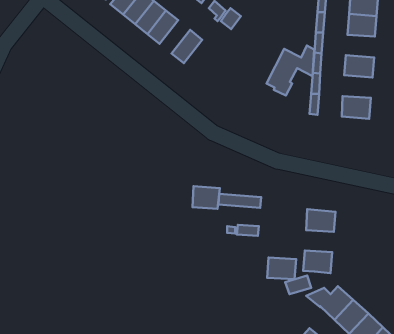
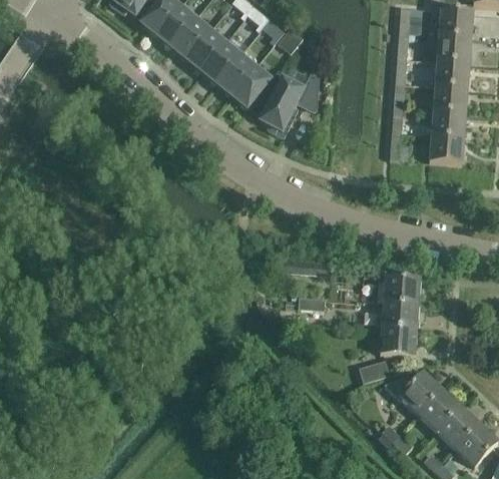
building: none -> [202,42,240,83]
building: none -> [434,60,470,88]
building: none -> [232,66,272,108]
building: [267,46,314,96] -> [261,73,320,135]
building: none -> [430,110,467,138]
building: [192,186,220,209] -> none
building: [267,258,296,279] -> [383,303,419,330]

